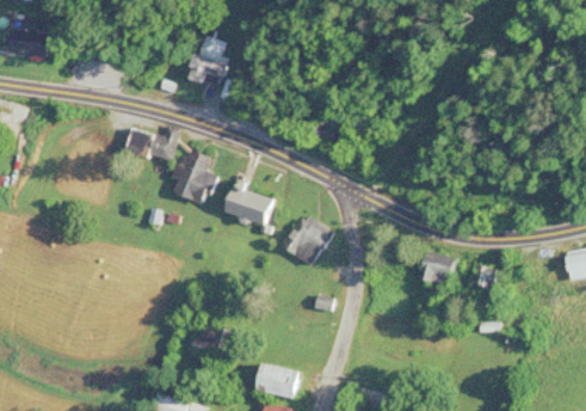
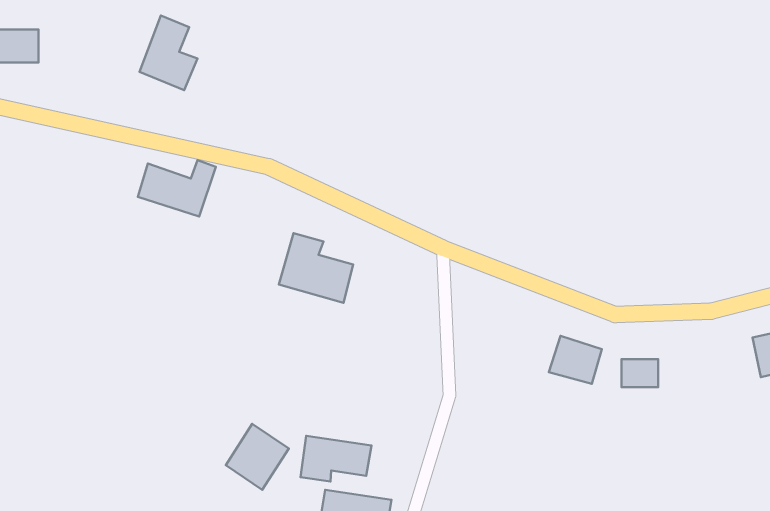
building: [187,33,229,87] -> [139,16,197,90]
building: [171,148,216,204] -> none
building: [279,213,332,266] -> none
building: none -> [301,436,371,482]

